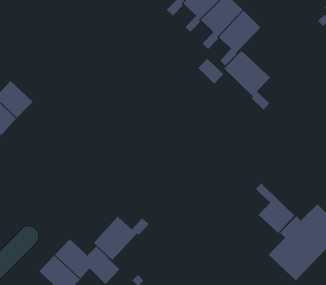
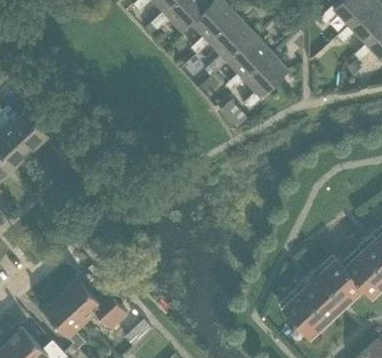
building: [223,50,272,110] -> none
building: [255,183,295,234] -> none
building: [93,215,150,261] -> none

